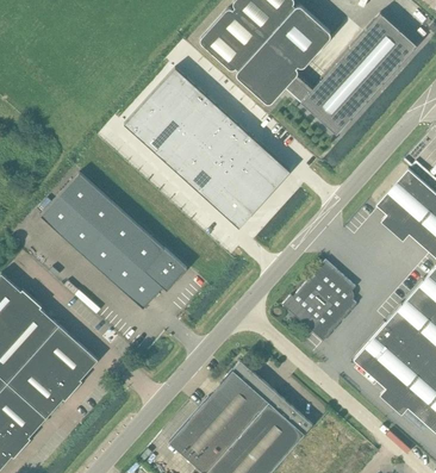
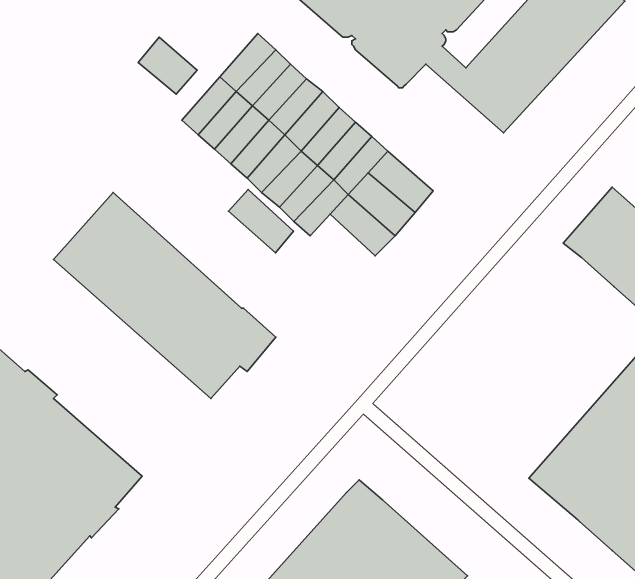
building: none -> [138,37,197,94]
building: [208,187,251,229] -> [228,190,293,253]
building: [282,261,356,342] -> none

